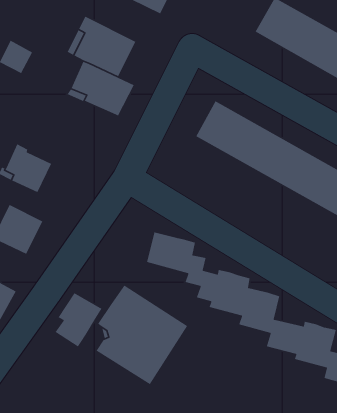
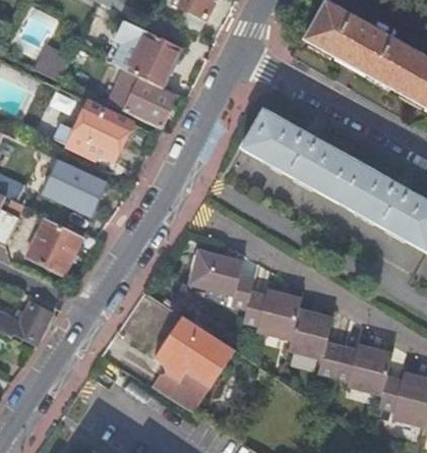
building: none -> [54,101,132,161]
building: [55,292,103,347] -> none

